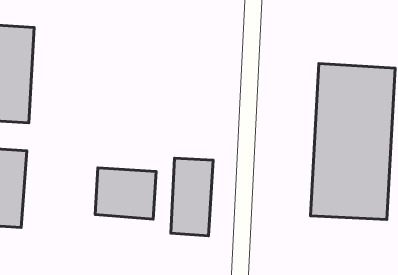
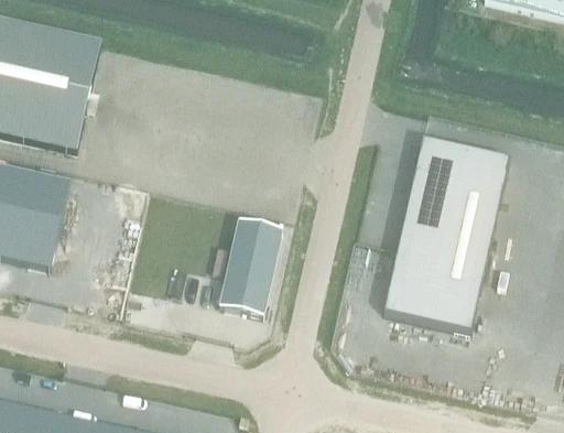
building: [95,168,156,219] -> none

